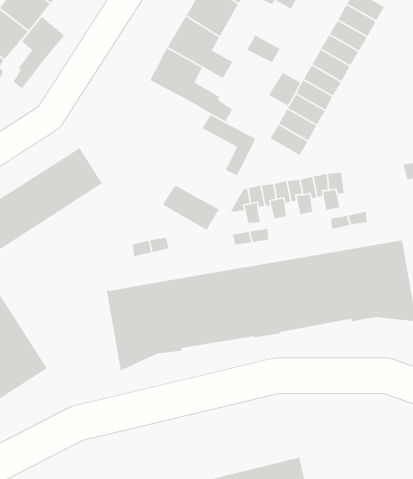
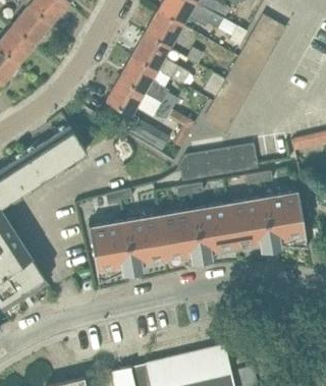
building: [12,16,65,89] -> none
building: none -> [106,79,145,116]
building: [162,185,220,231] -> [130,119,171,152]

